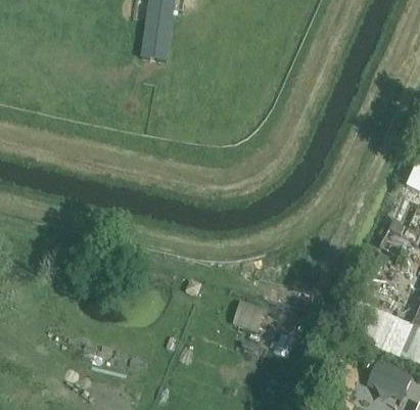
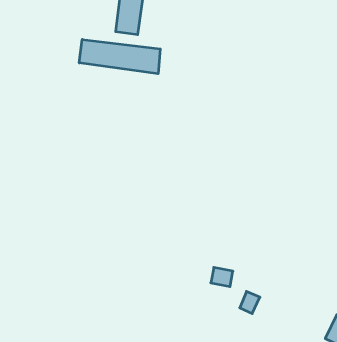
building: none -> [79,39,160,74]

